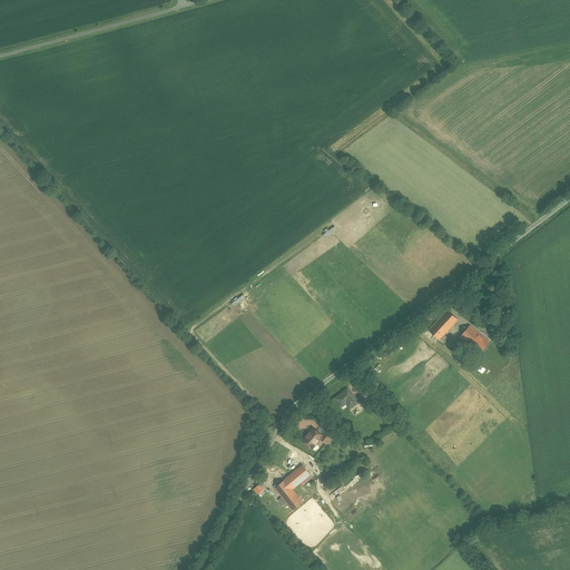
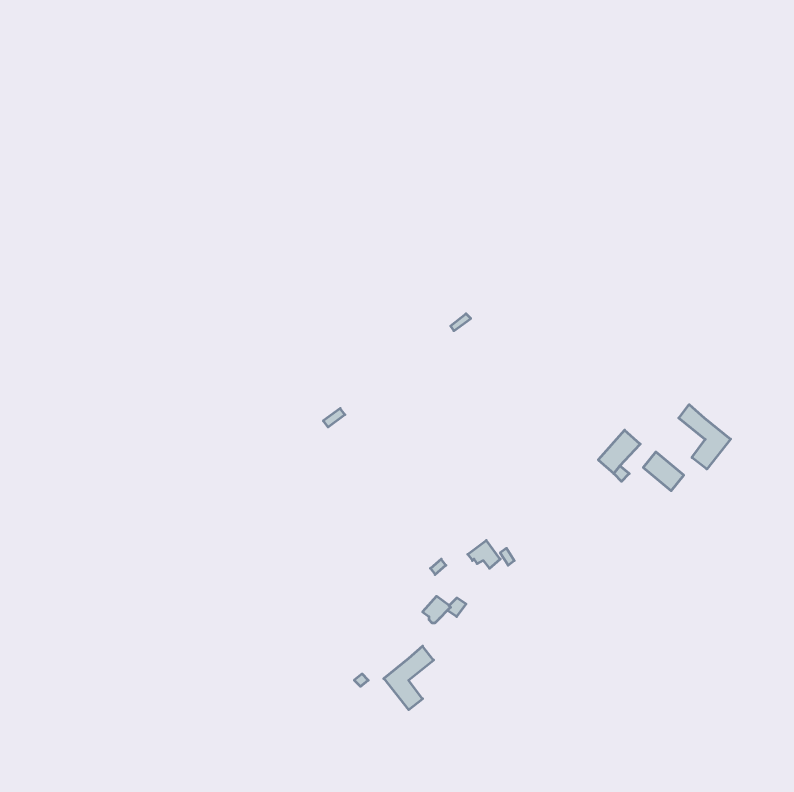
building: none -> [679,405,731,469]

